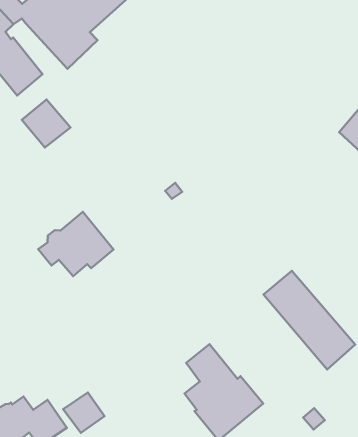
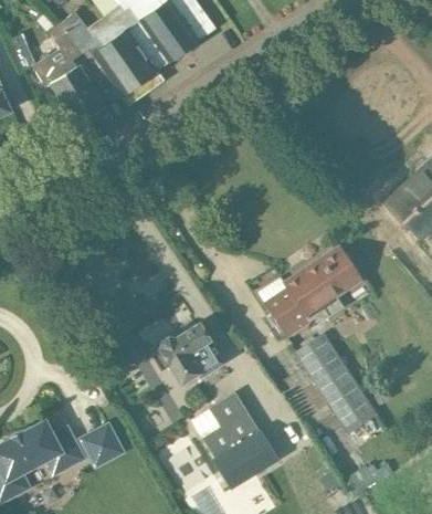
building: [22,99,71,147] -> none
building: none -> [265,246,361,336]
building: [38,212,113,276] -> [150,322,224,384]

